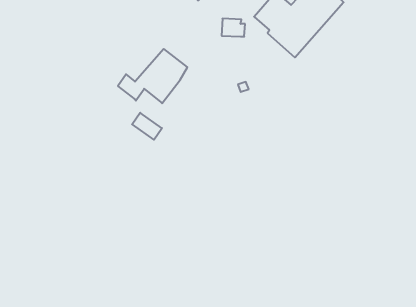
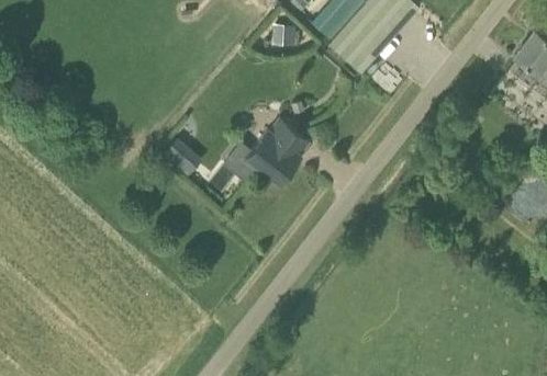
building: [118,49,187,103] -> [224,119,309,185]

